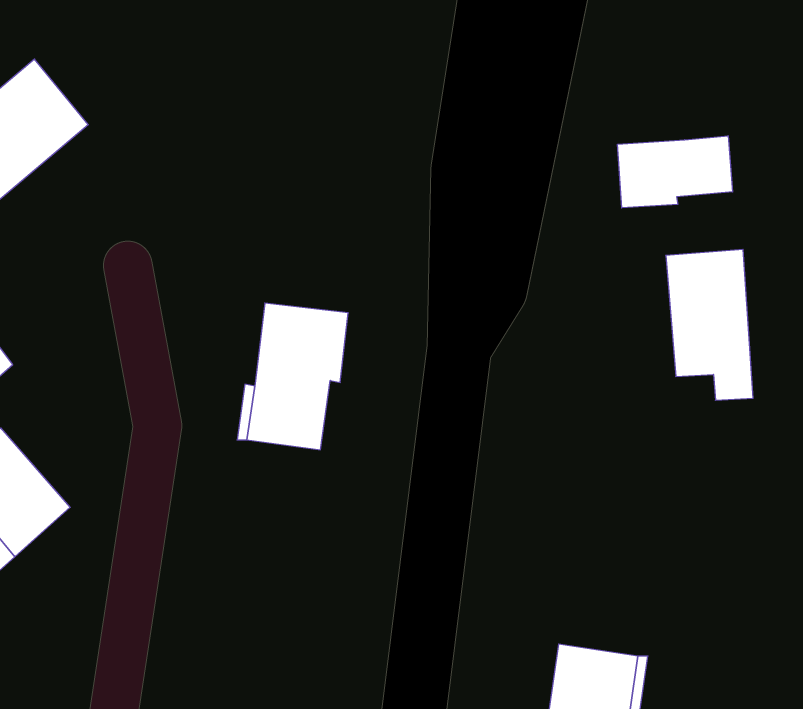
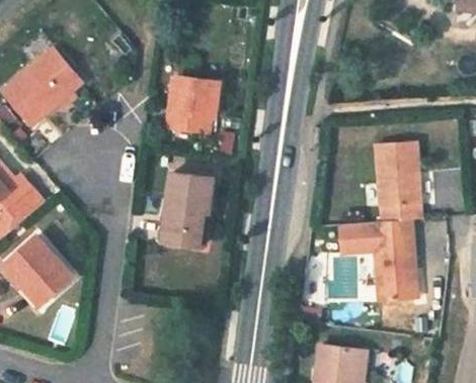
building: none -> [165,77,220,130]
building: [618,136,733,208] -> none
building: none -> [339,221,414,304]

